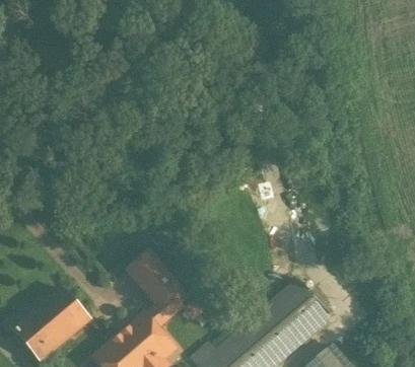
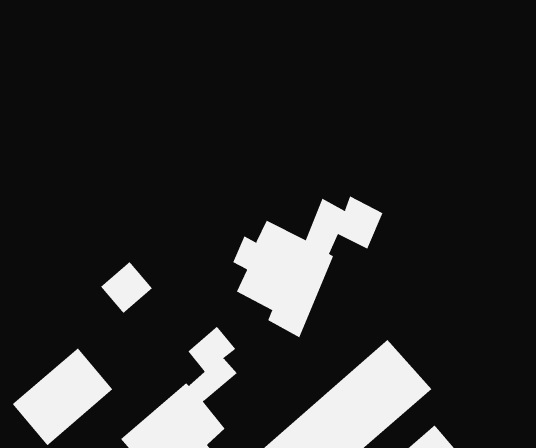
building: none -> [233,195,383,338]
building: [129,250,168,290] -> [100,261,153,314]

